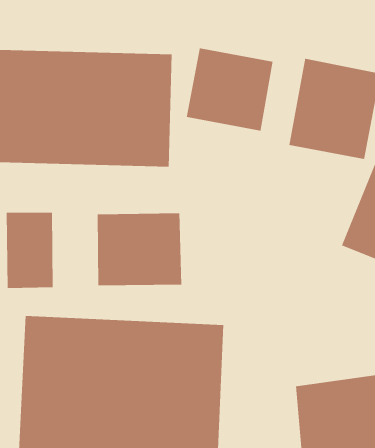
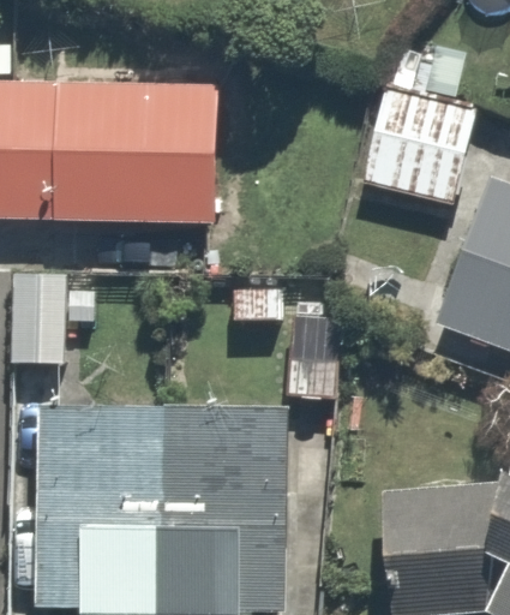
building: [186,47,273,131] -> none
building: [97,213,182,286] -> none

